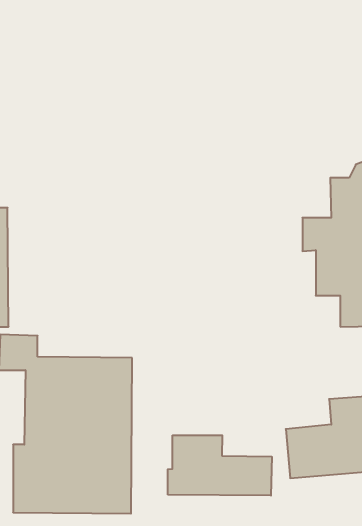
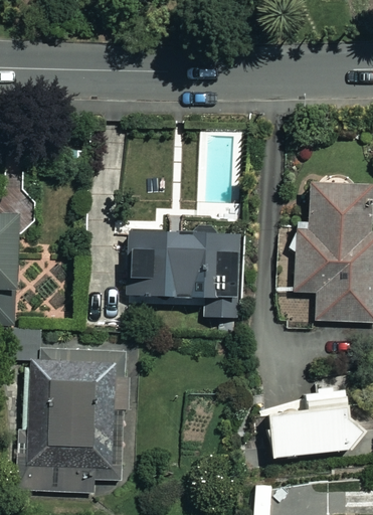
building: none -> [124,234,242,318]
building: [168,435,272,496] -> none

